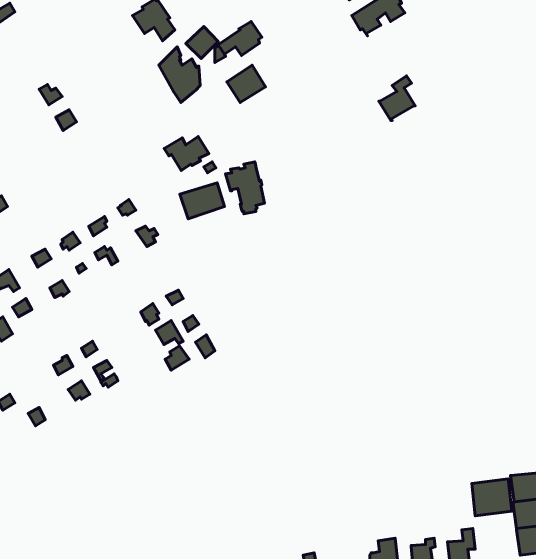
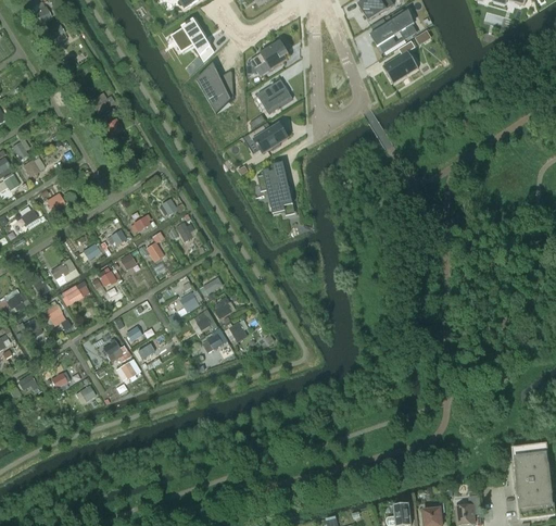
building: [186,27,218,59] -> none
building: [379,76,415,121] -> [386,40,418,80]
building: [164,136,209,170] -> [248,123,288,153]
building: [180,183,225,219] -> none
building: [472,479,512,516] -> none

